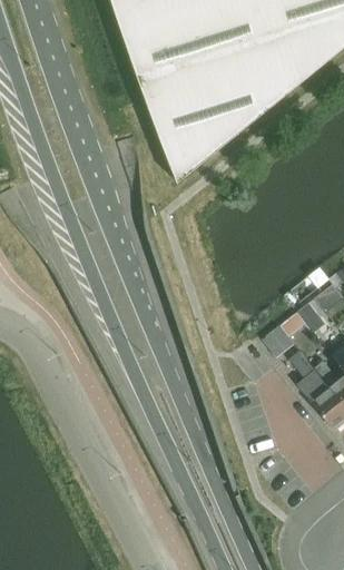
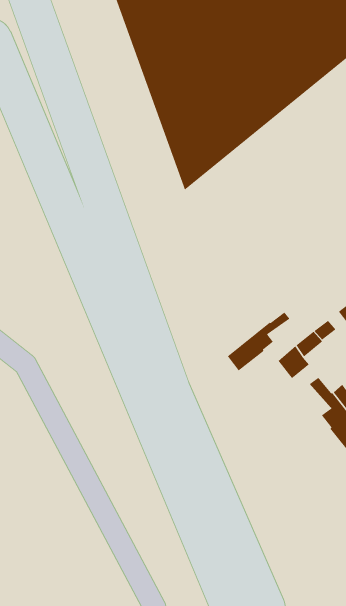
building: none -> [227,312,291,371]

